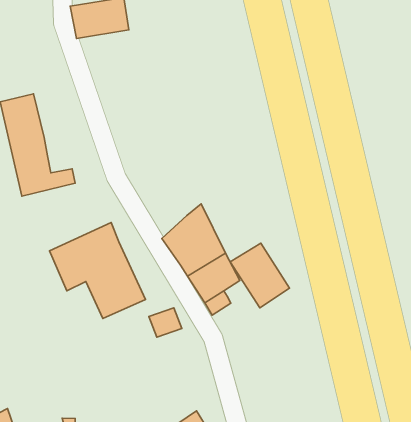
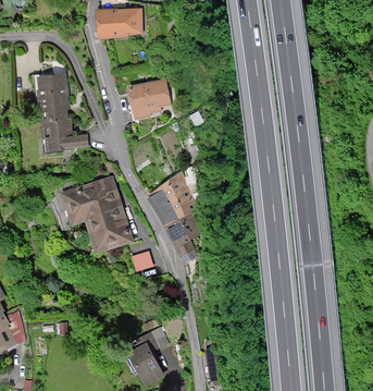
building: none -> [126,80,169,119]
building: [230,243,290,308] -> none

